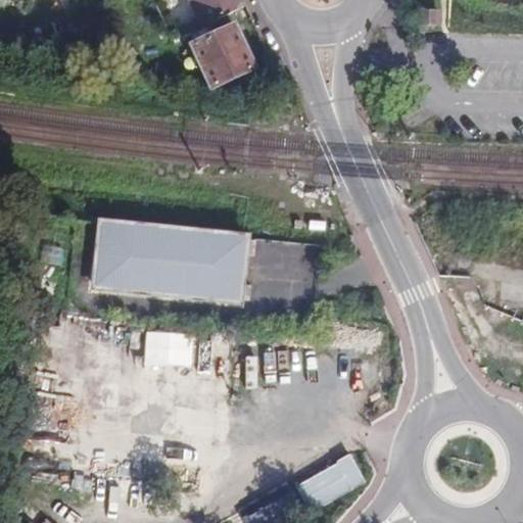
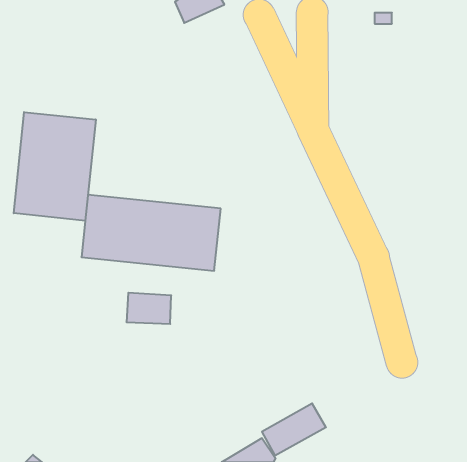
building: [191,21,253,83] -> none
building: none -> [14,112,96,221]

